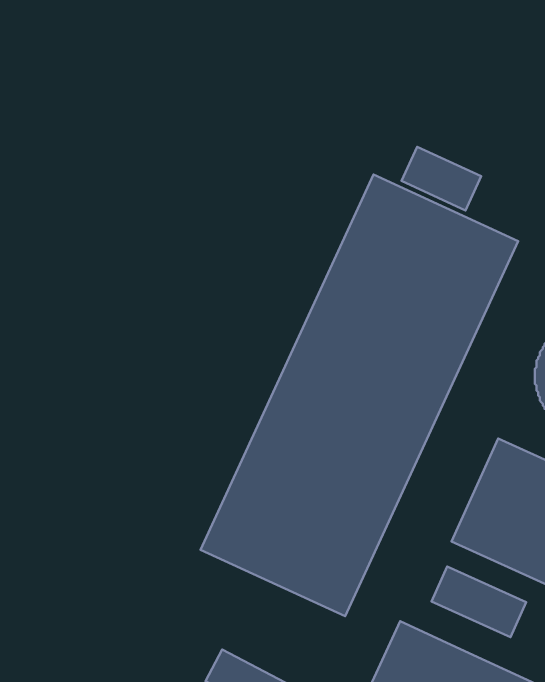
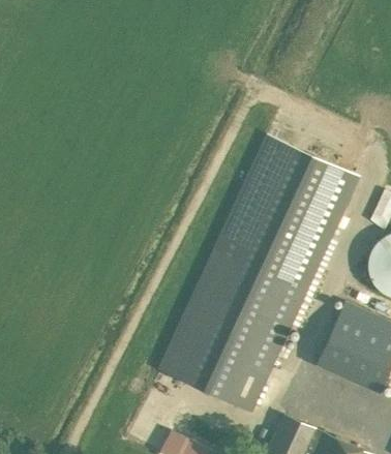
building: [402,147,481,210] -> none
building: [432,566,526,637] -> none

